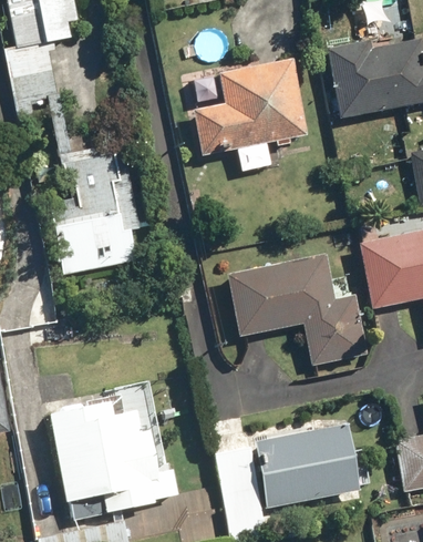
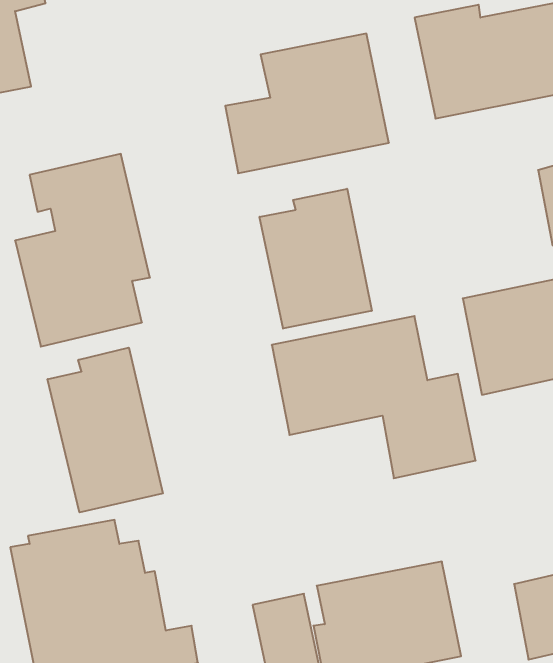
building: none -> [260,189,372,329]
building: none -> [48,348,163,512]

